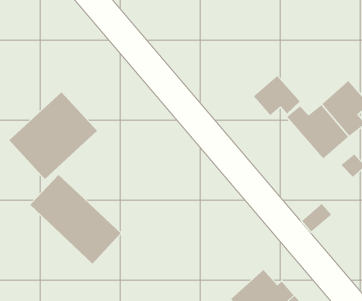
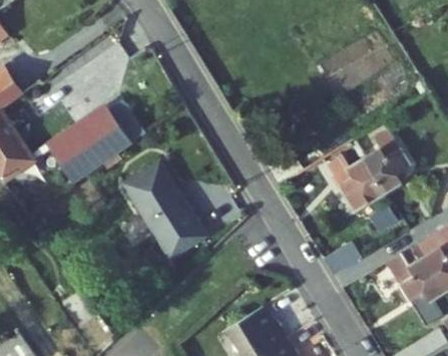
building: [253,75,300,116] -> none
building: [29,174,122,265] -> [118,170,203,264]

